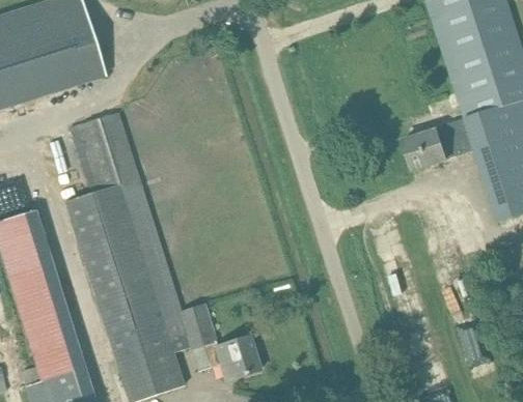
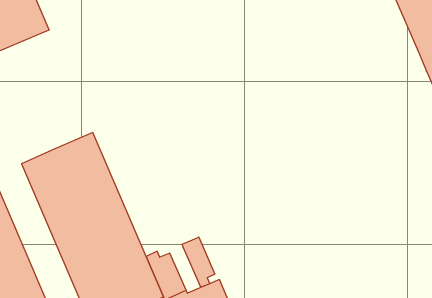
building: [78,111,138,190] -> none
building: [403,128,474,169] -> none
building: none -> [182,237,215,287]

